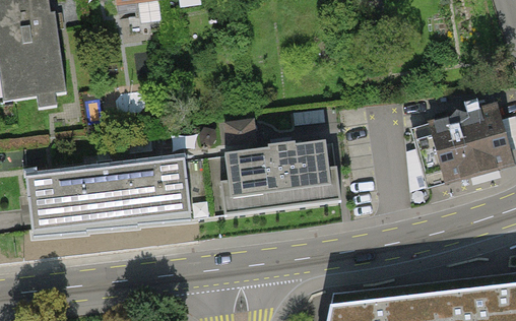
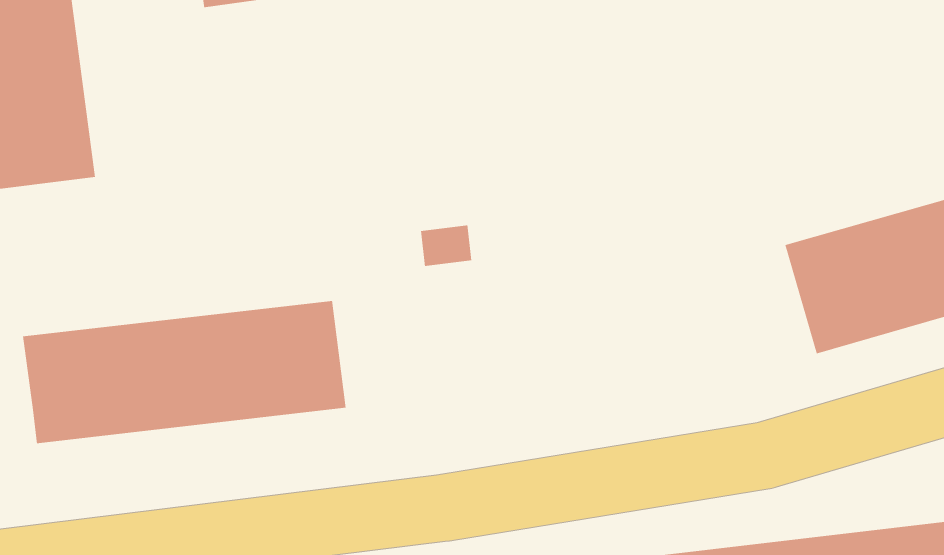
building: [184,136,342,219] -> none

